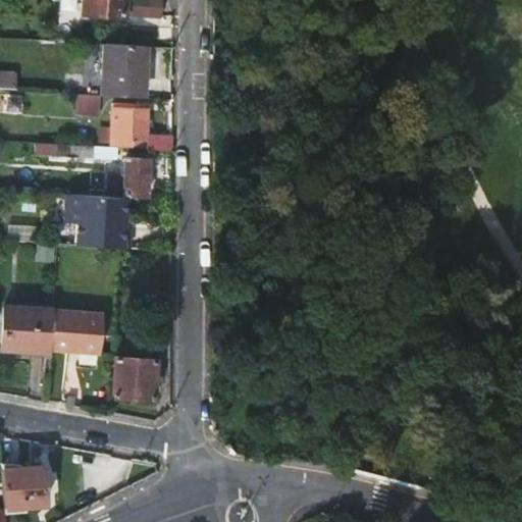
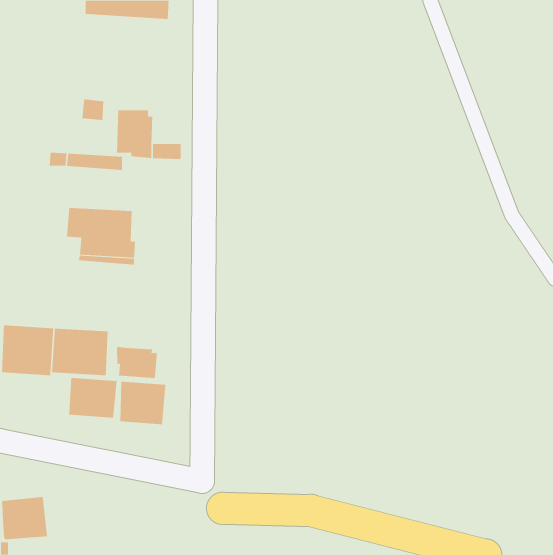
building: [102,45,146,98] -> none
building: [123,157,147,196] -> none
building: none -> [117,346,158,379]
building: none -> [68,377,117,418]

